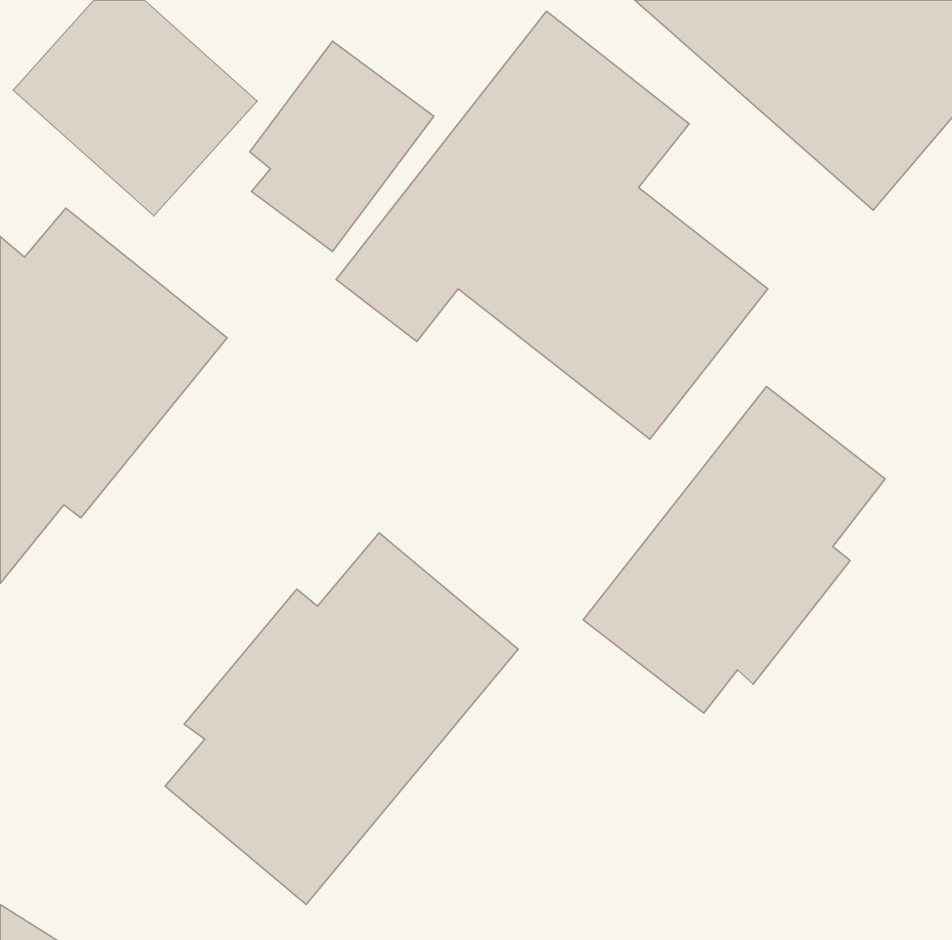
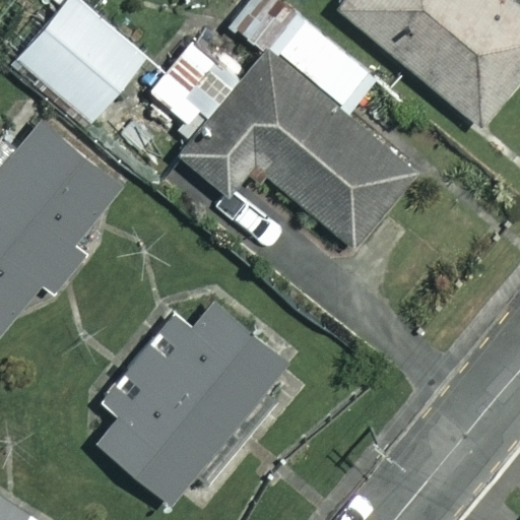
building: [583,386,885,713] -> none

